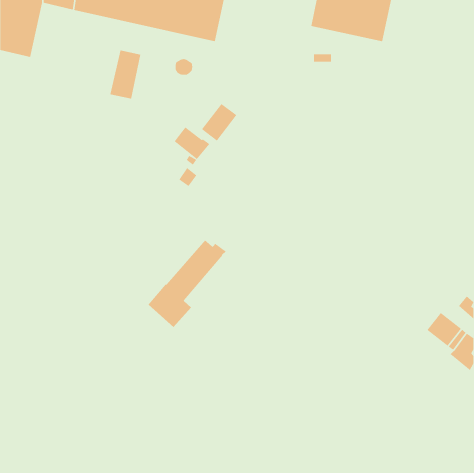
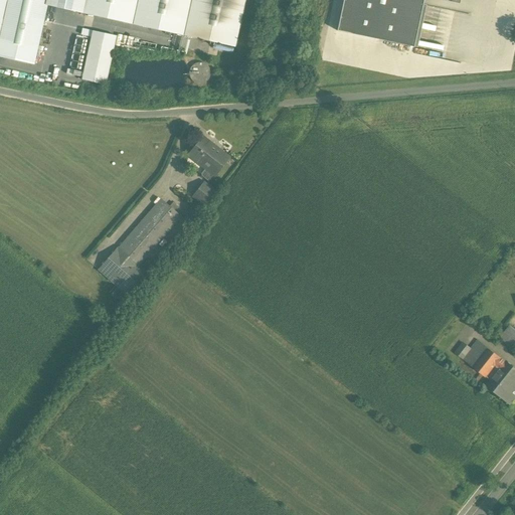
building: [109,50,141,99] -> [80,29,115,82]
building: [201,103,237,141] -> none
building: [147,240,226,328] -> [98,197,183,293]

